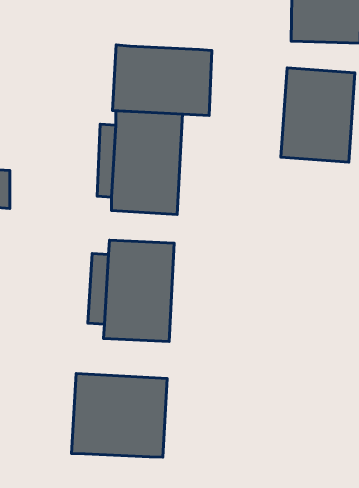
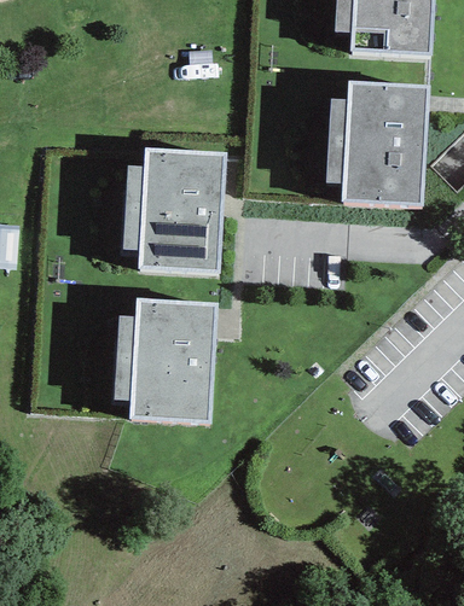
building: [112,45,212,115] -> none
building: [72,374,167,457] -> none

